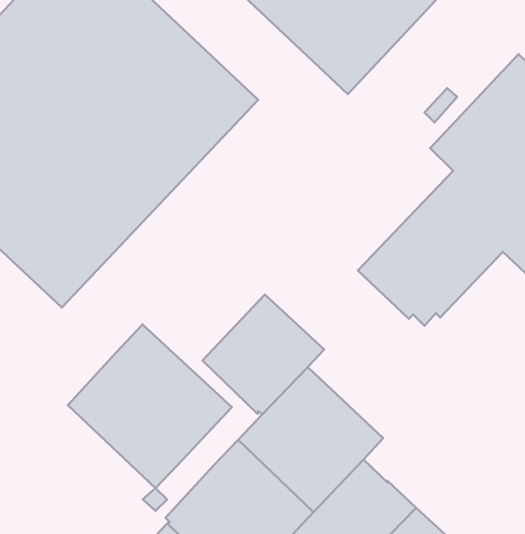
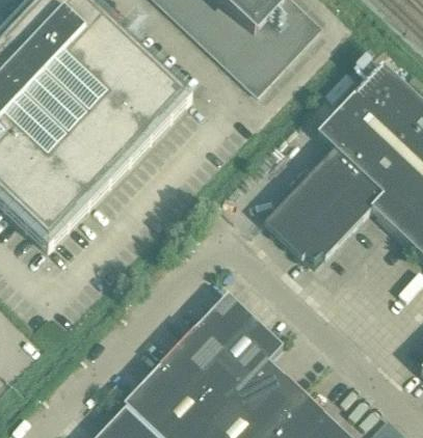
building: [202,295,324,414] -> none
building: [68,324,232,488] -> none

